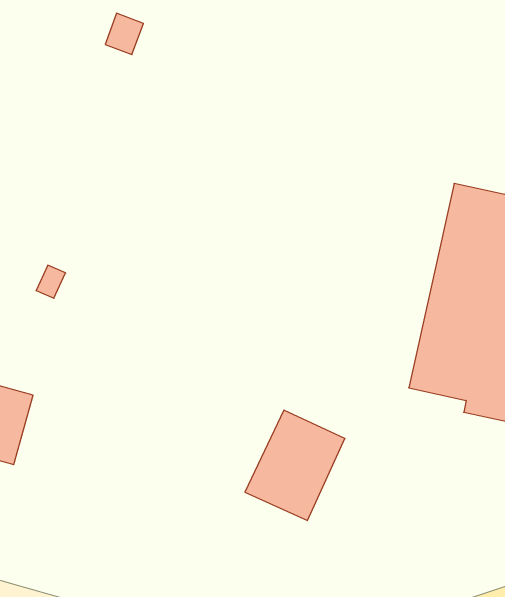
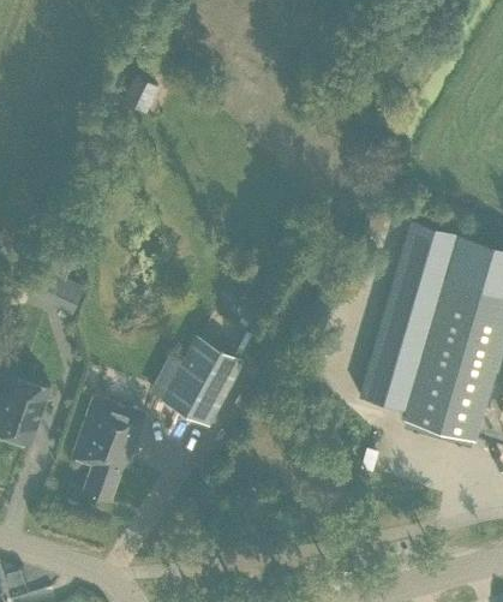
building: none -> [71,397,144,501]
building: [245,410,345,521] -> [160,334,245,427]

